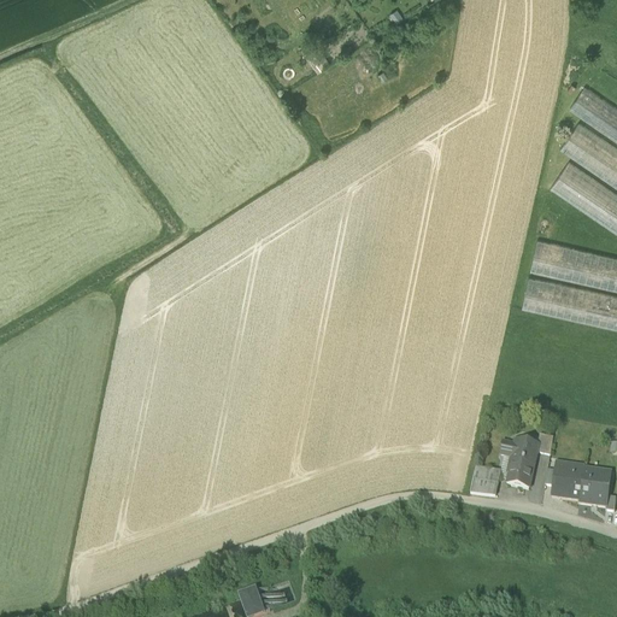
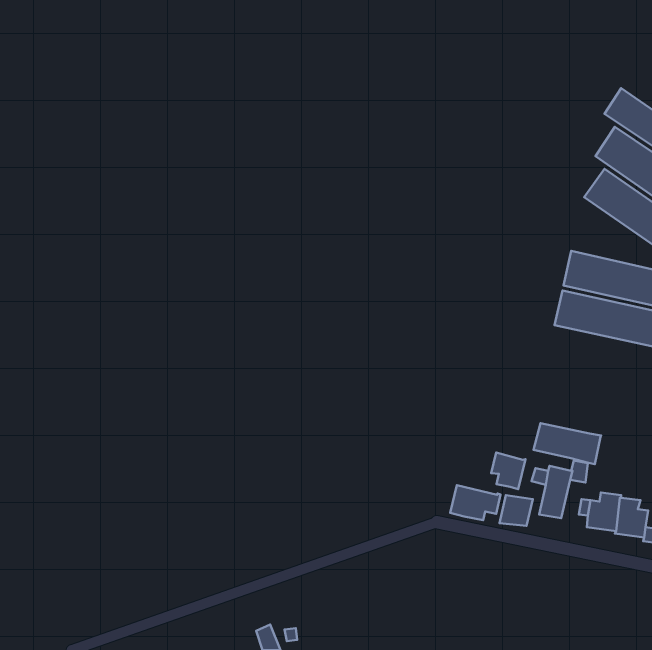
building: none -> [533,423,601,464]
building: none -> [491,453,525,489]
building: none -> [450,485,501,520]

